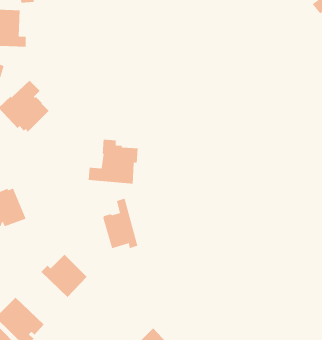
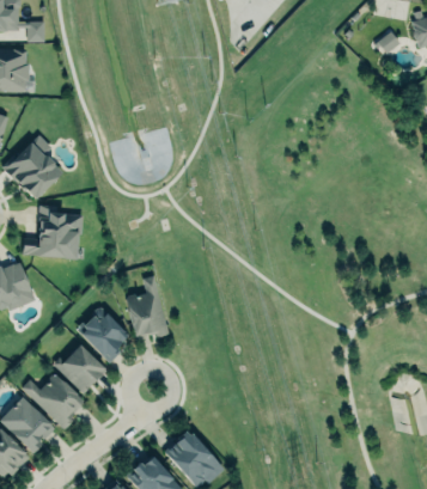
building: [88,139,139,184] -> [23,204,84,258]
building: none -> [78,307,129,362]
building: none -> [22,373,85,428]

